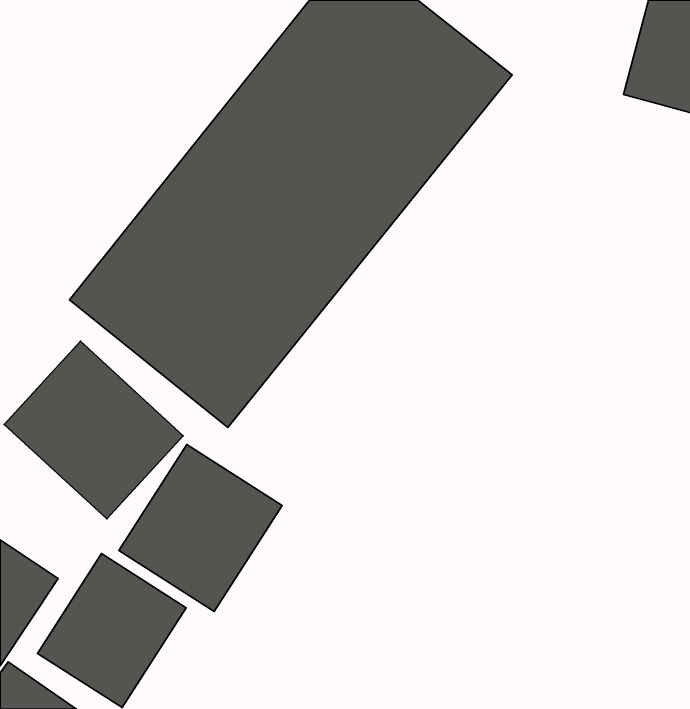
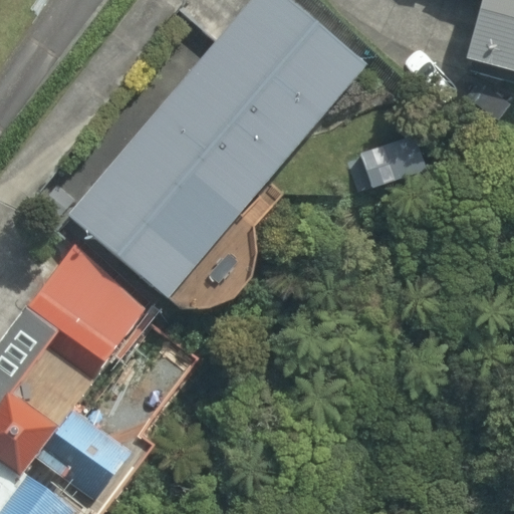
building: [119,444,282,611] -> none

